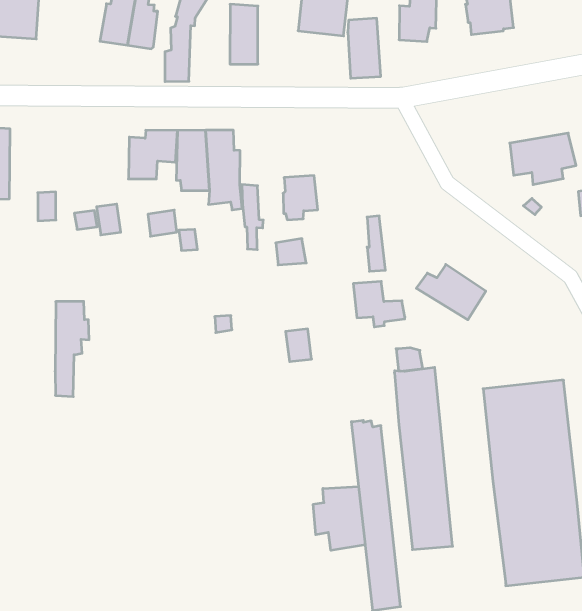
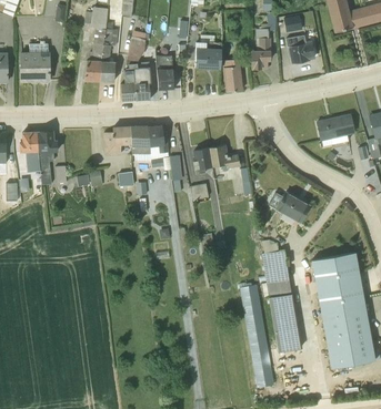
building: none -> [134,63,151,101]
building: [353,281,405,327] -> [209,145,239,171]
building: [55,301,89,397] -> [38,132,58,185]
building: [313,487,365,550] -> none

